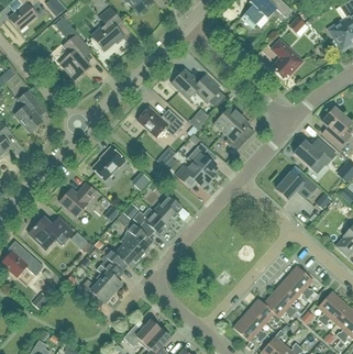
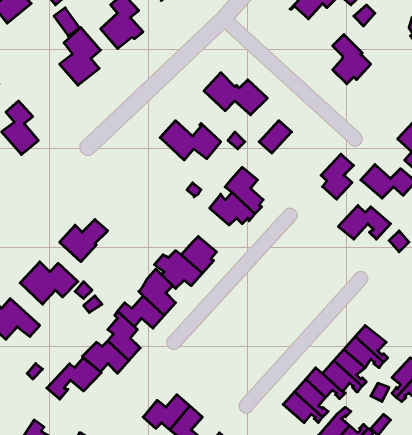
building: [223,114,249,150] -> [321,154,354,199]
building: [91,145,124,179] -> none
building: none -> [47,358,101,399]

